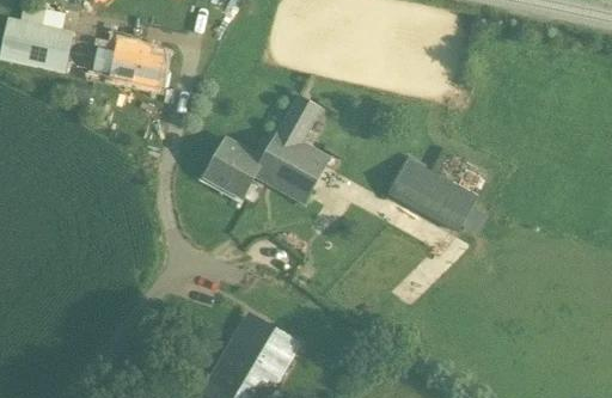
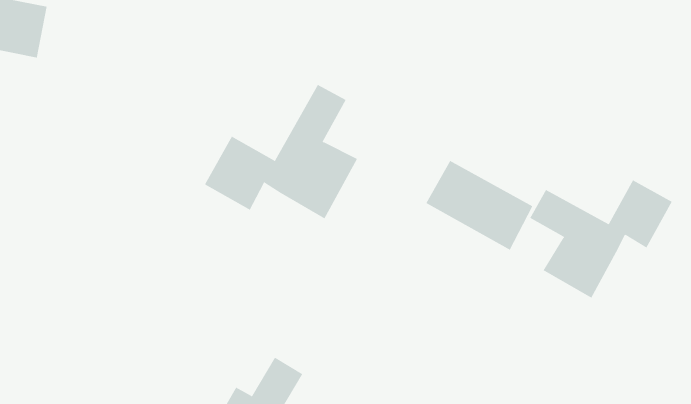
building: [92,39,159,82] -> none
building: none -> [530,179,673,299]

